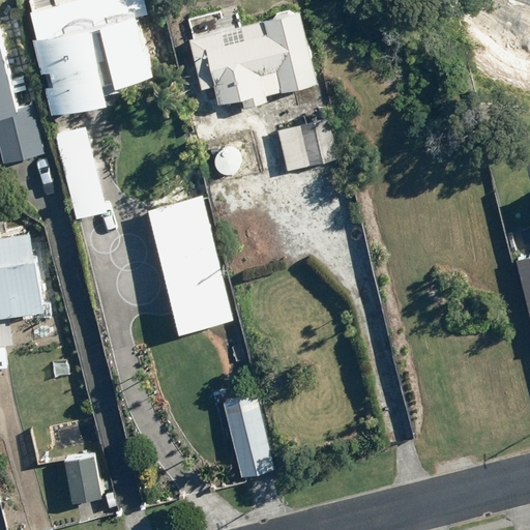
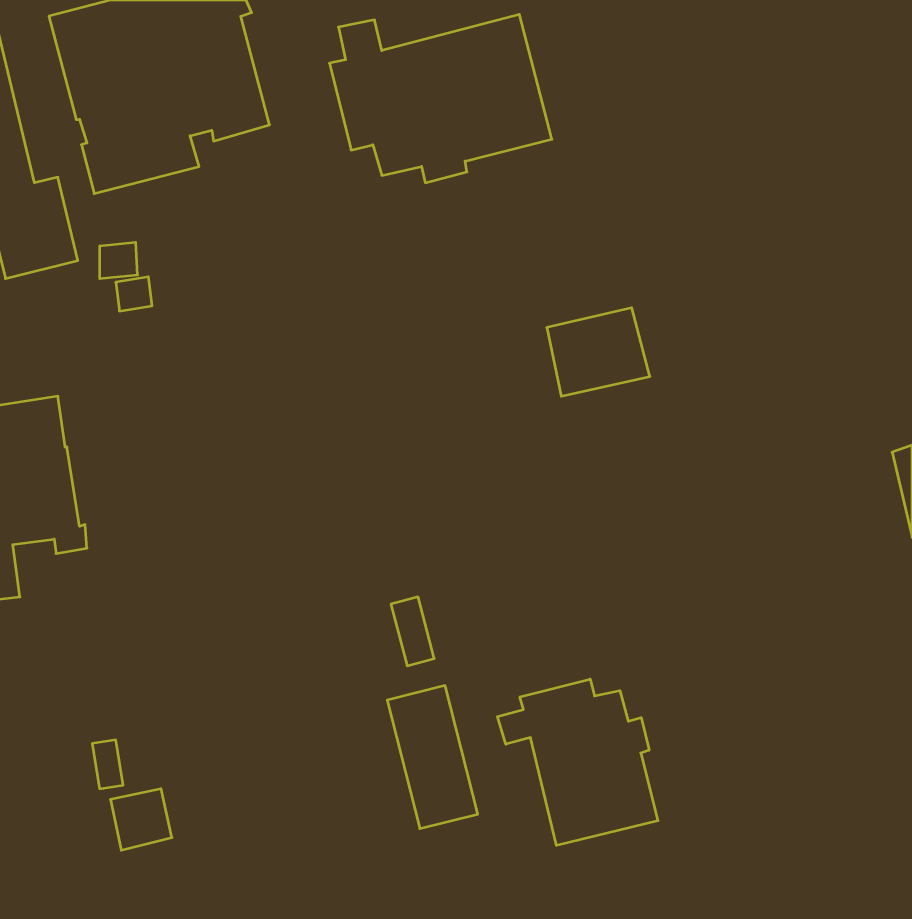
building: [276,120,335,171] -> [547,308,650,396]
building: [148,197,233,334] -> none
building: none -> [497,679,658,845]

